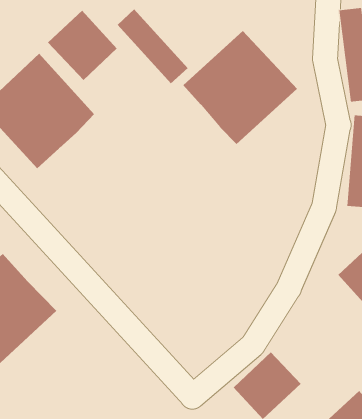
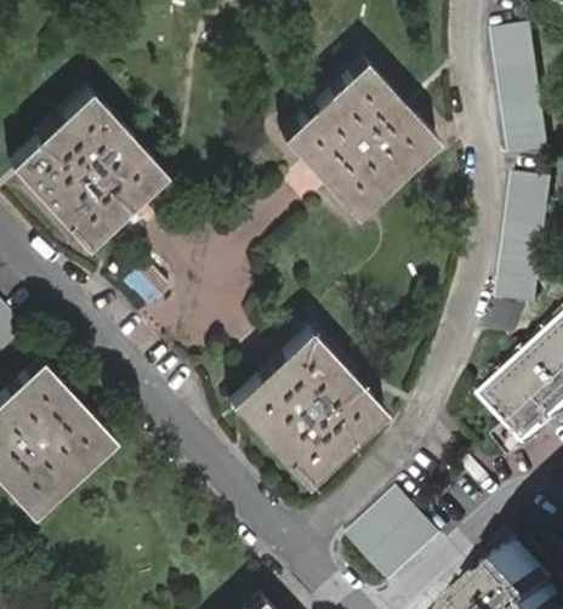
building: [117,9,188,84] -> none
building: [47,10,117,81] -> none
building: none -> [234,334,387,486]

